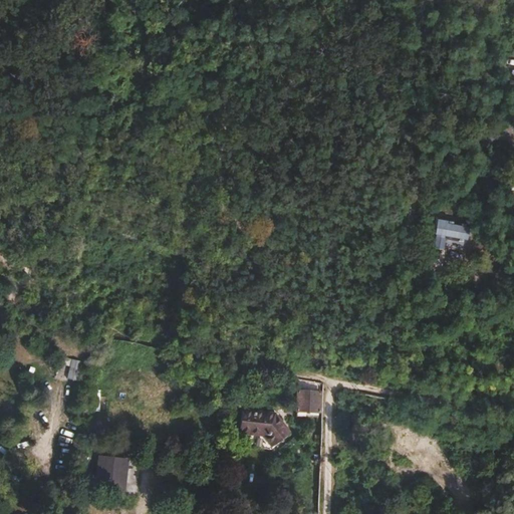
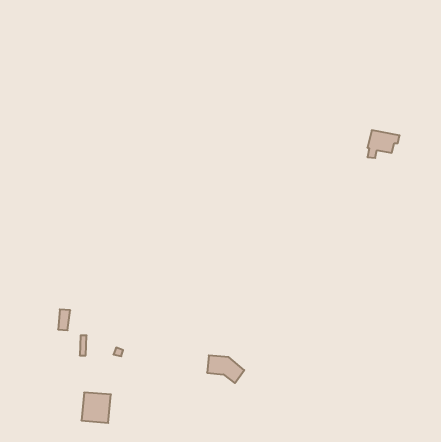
building: [434,217,471,249] -> [367,130,400,158]
building: [296,392,320,413] -> none

